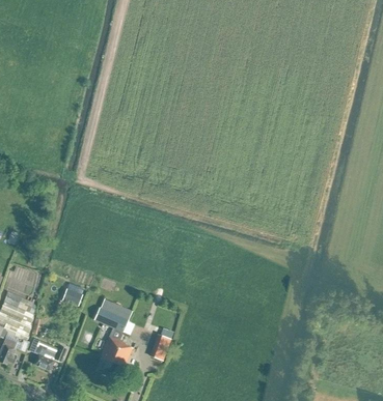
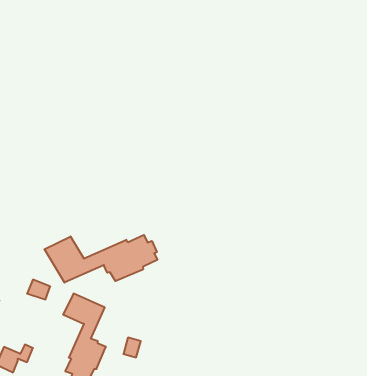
building: none -> [44,235,157,283]

